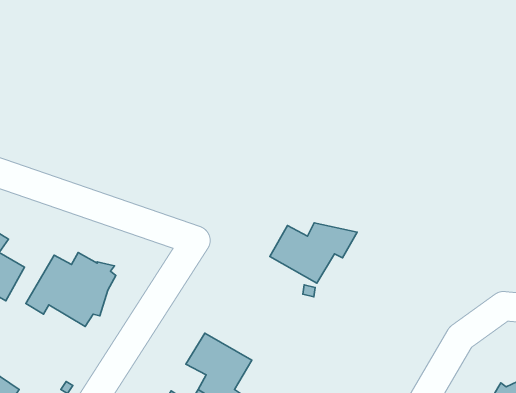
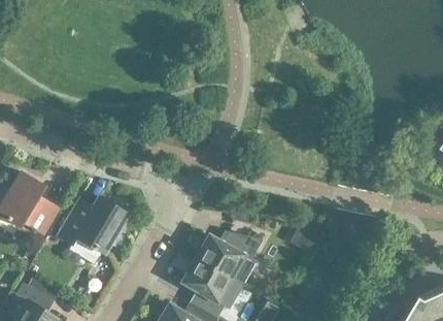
building: [270,223,357,283] -> [195,232,262,279]

